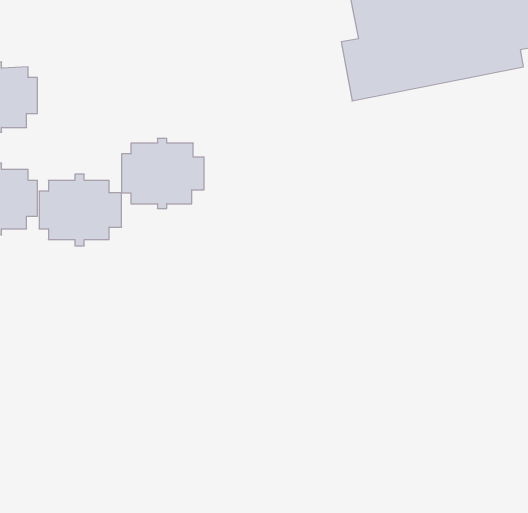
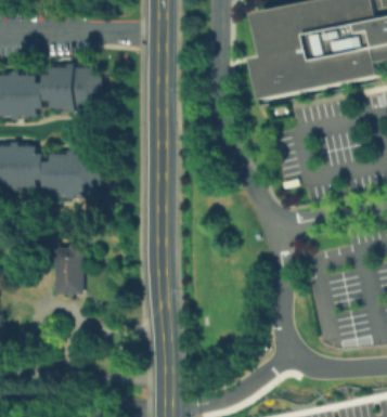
building: [122,138,204,208] -> [42,63,100,112]
building: none -> [53,247,89,296]

